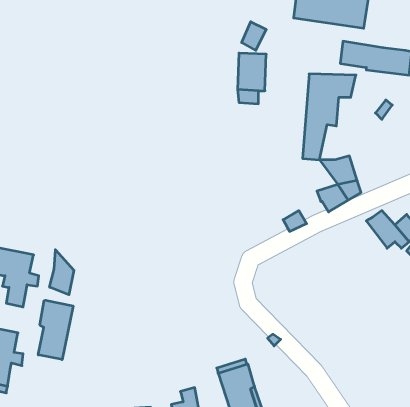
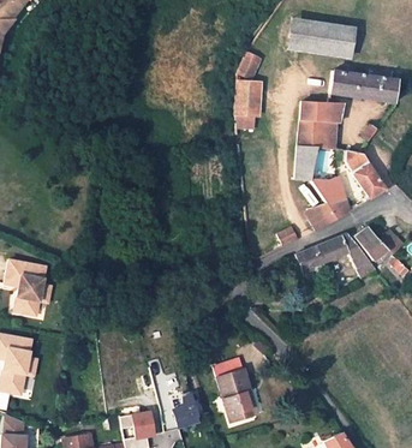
building: none -> [333,149,386,198]
building: none -> [295,233,375,277]
building: [50,250,74,295] -> none
building: [38,300,73,360] -> none

